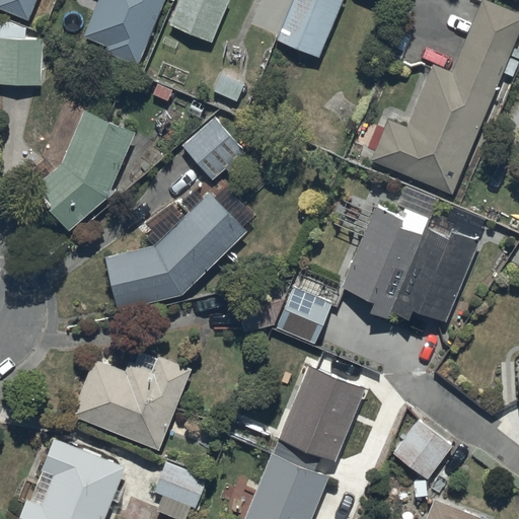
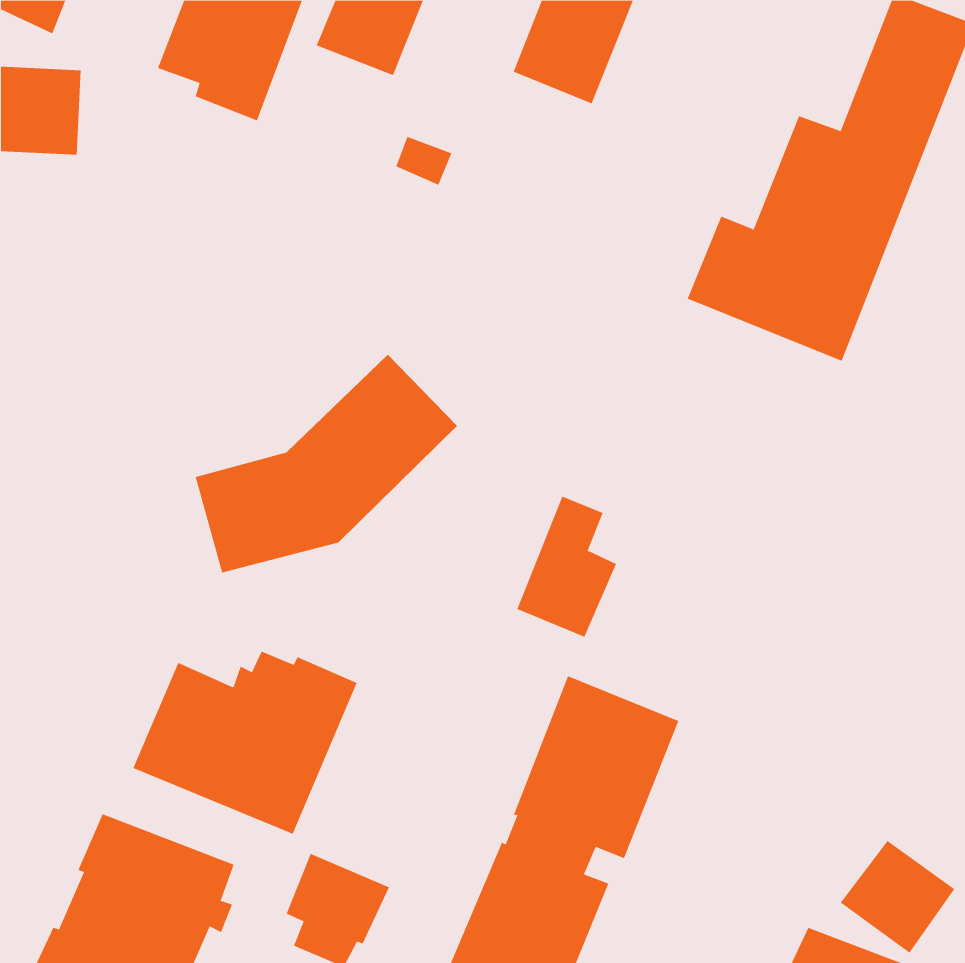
building: [35,109,135,230] -> none
building: [182,118,248,184] -> none
building: [342,207,479,323] -> none
building: [392,420,454,480] -> [840,840,955,954]

